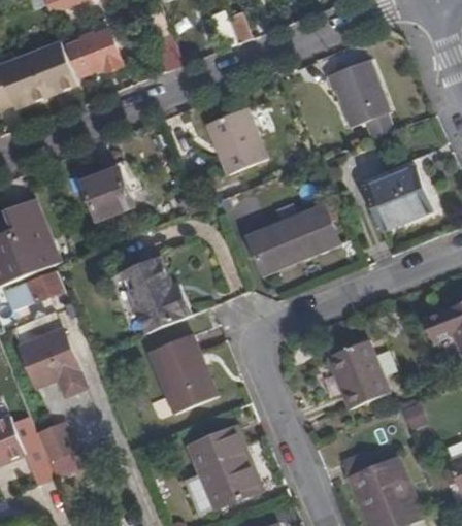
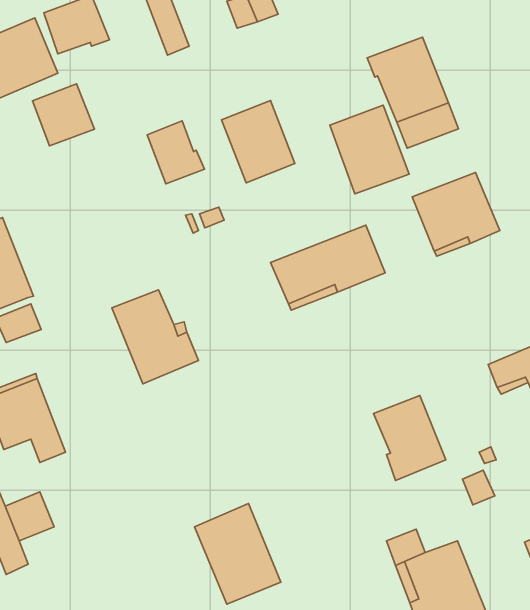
building: none -> [330,105,409,194]
building: none -> [147,121,205,184]
building: [79,166,129,216] -> [33,84,95,146]
building: [143,335,214,416] -> none

